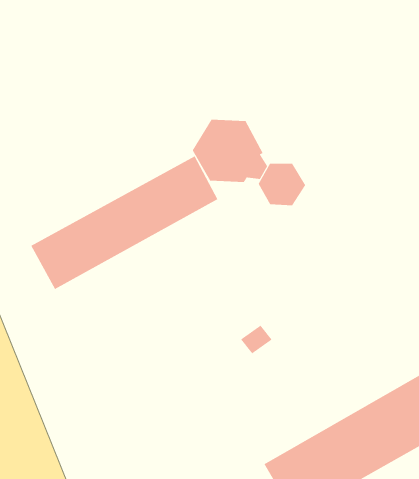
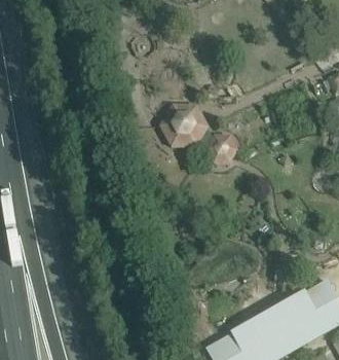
building: [30,156,218,290] -> none

